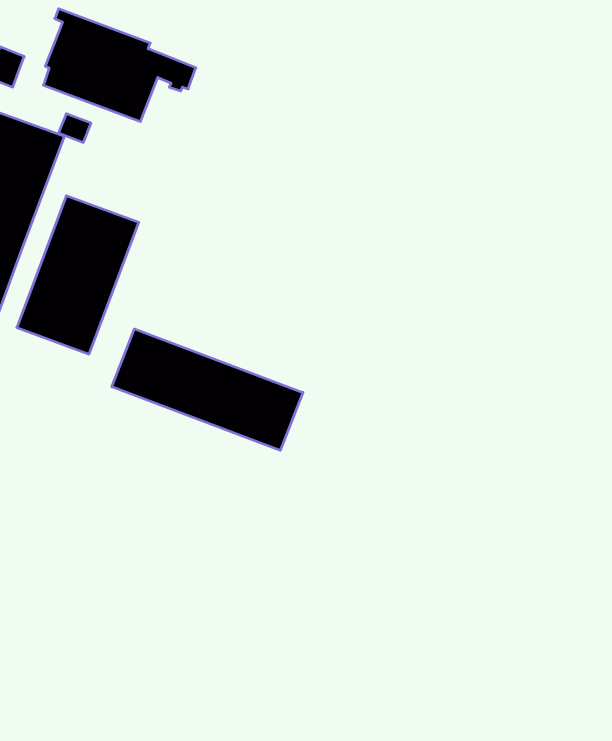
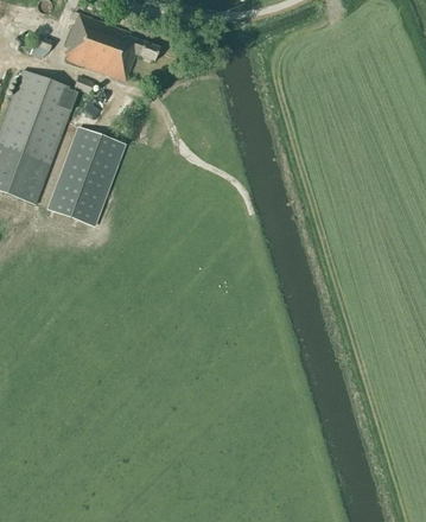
building: [112,329,303,450] -> none

